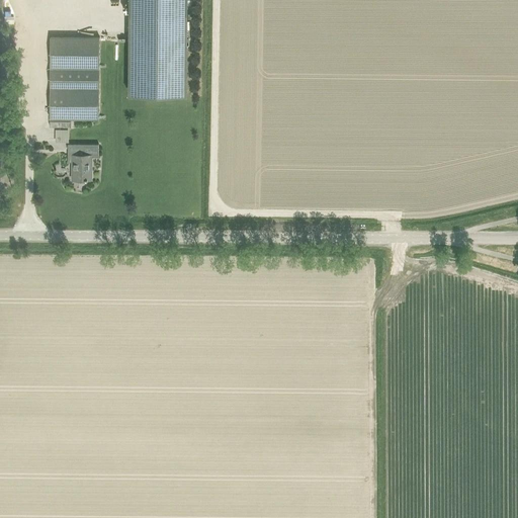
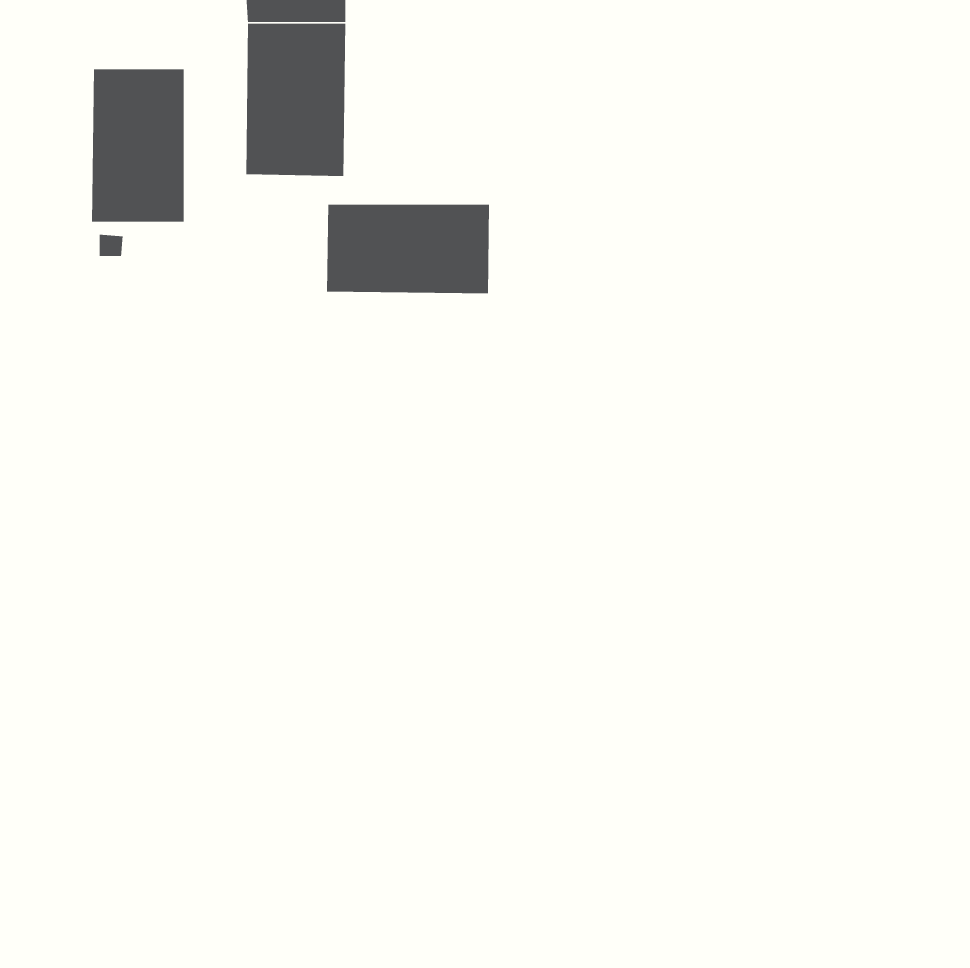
building: none -> [326,204,490,294]
building: [67,143,97,179] -> none

